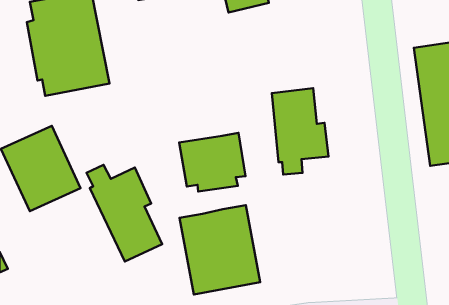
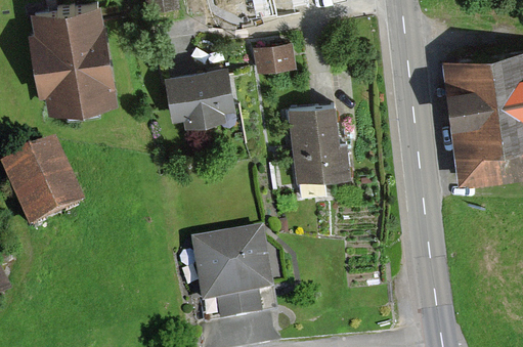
building: none -> [256,42,296,74]
building: [179,133,245,191] -> [164,63,234,126]
building: [86,165,162,261] -> none

